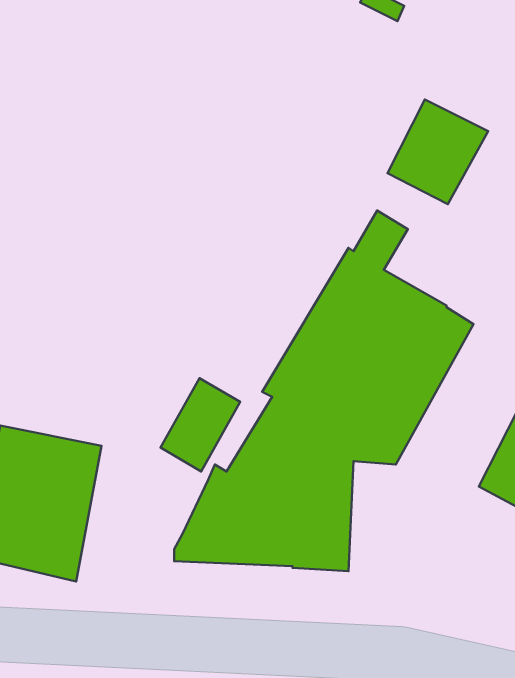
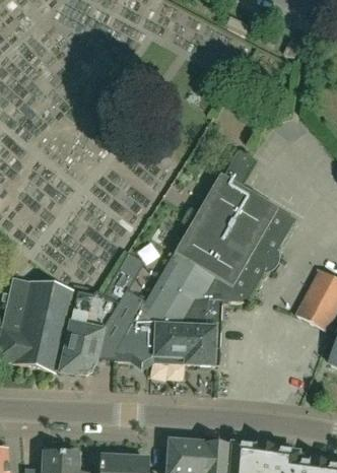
building: [388,99,488,204] -> none
building: none -> [59,290,135,375]

